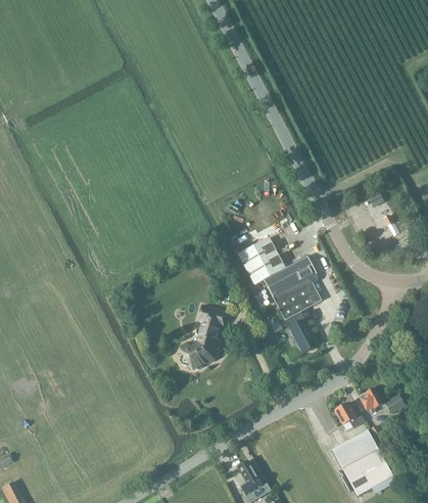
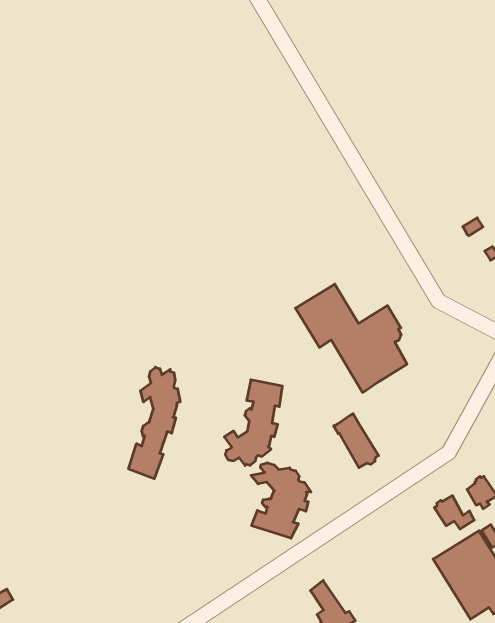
building: none -> [129,367,180,479]
building: [285,312,318,353] -> [334,414,379,468]
building: none -> [251,463,311,538]

